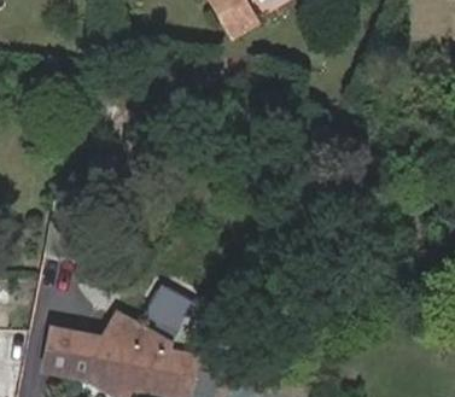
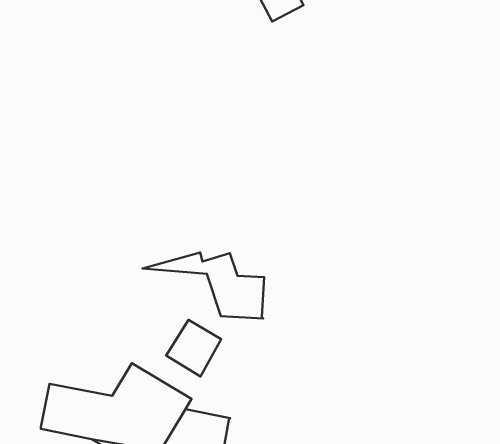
building: none -> [143,253,264,319]

